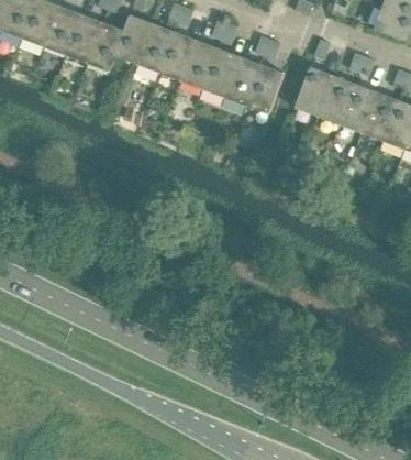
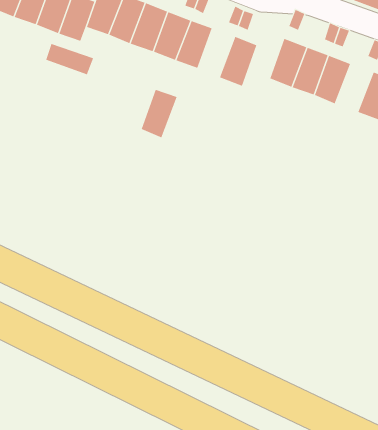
building: [225,56,262,105] -> [141,89,178,138]
building: none -> [45,43,94,75]
building: [360,91,398,139] -> none

